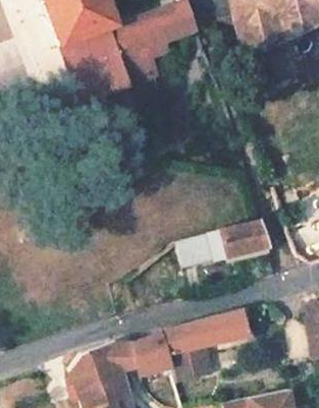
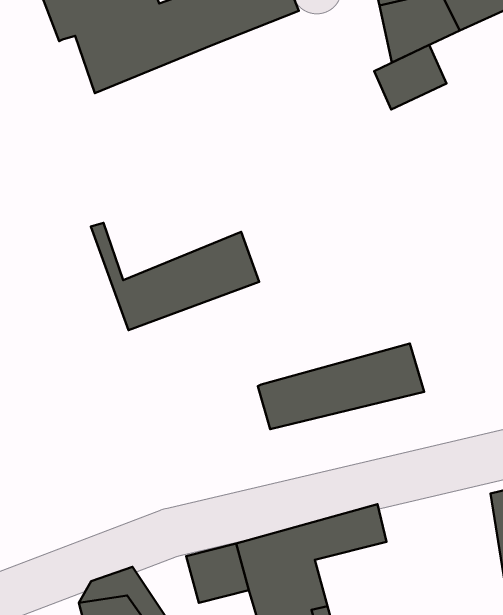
building: [62,43,158,104] -> [91,223,259,330]
building: none -> [374,45,446,109]

